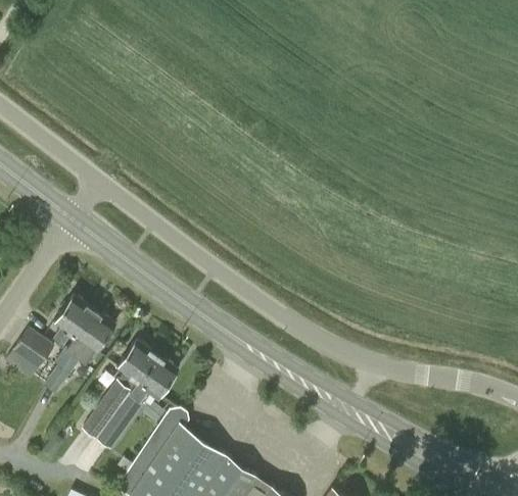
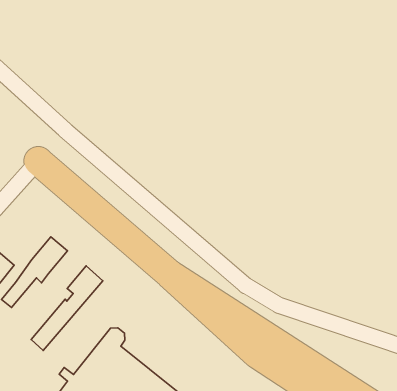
building: [51,297,93,366] -> none
building: [95,356,177,451] -> none

